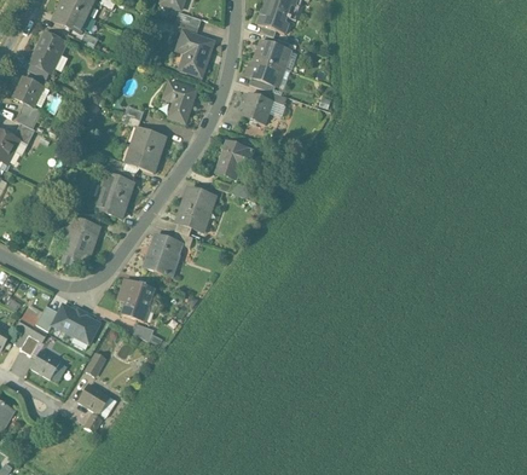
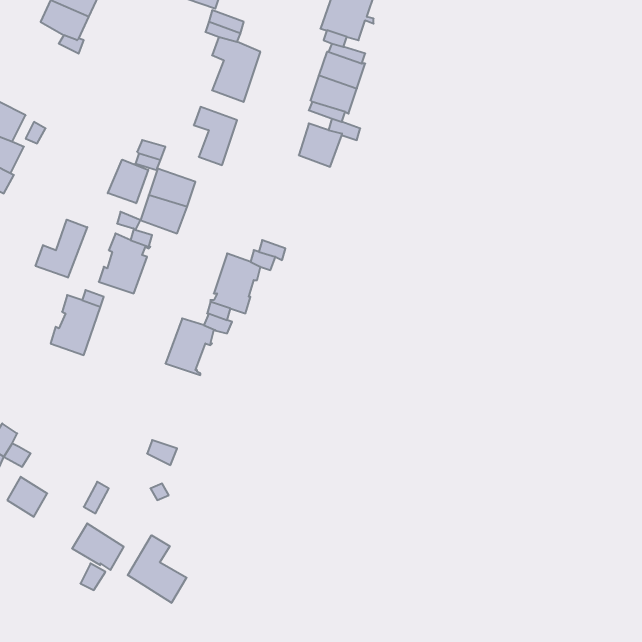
building: [29,33,65,74] -> none
building: none -> [108,160,148,203]
building: [215,141,254,179] -> none
building: none -> [36,220,87,278]
building: [118,278,154,320] -> none
building: [51,303,98,342] -> none
building: none -> [128,535,187,603]

